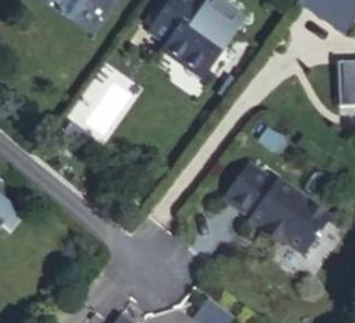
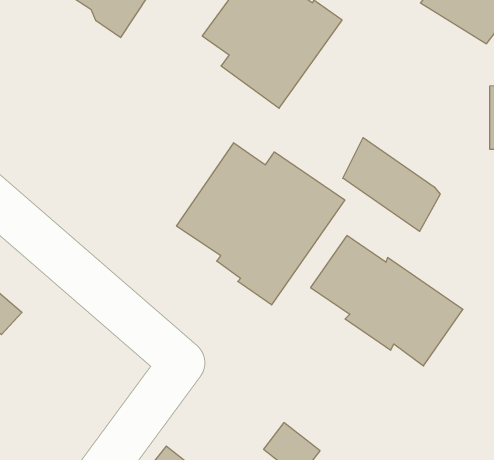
building: none -> [343,138,440,231]
building: none -> [177,143,345,305]

